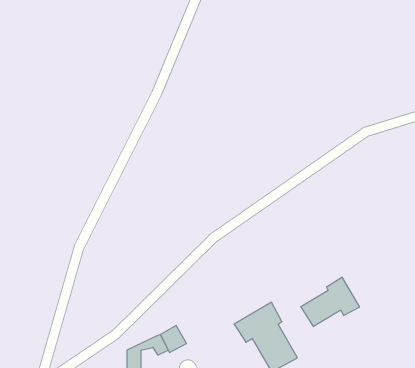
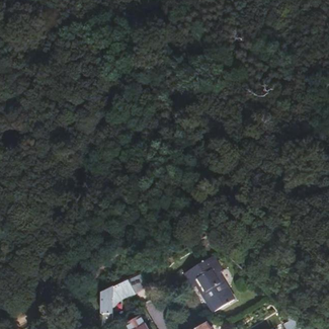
building: [301,277,359,327] -> none

